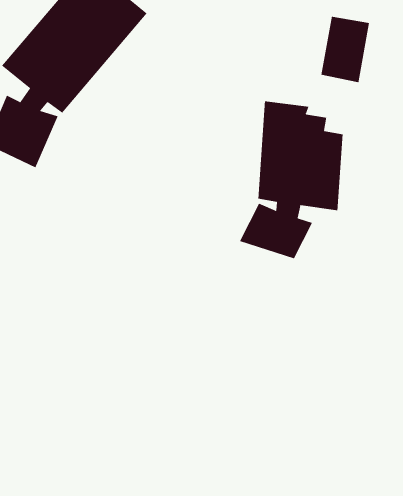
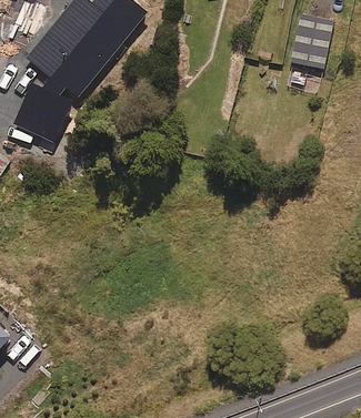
building: [239,100,343,259] -> none

